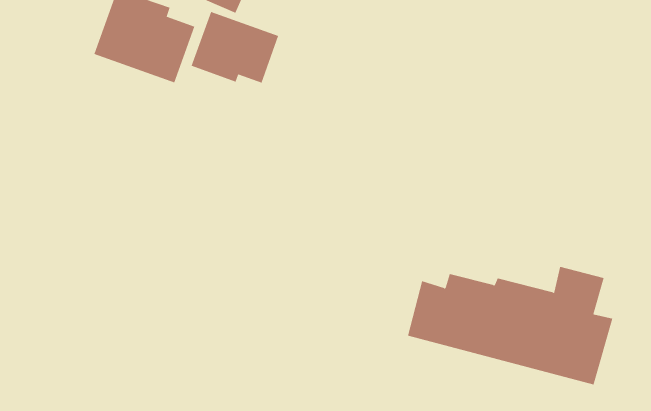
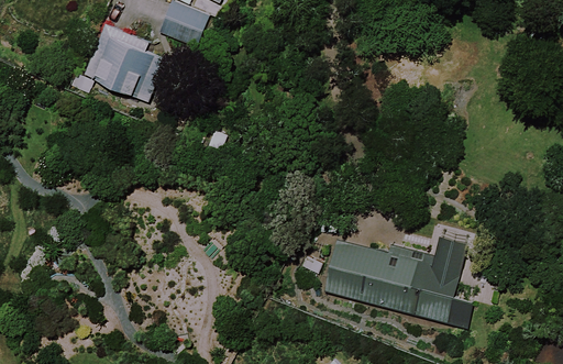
building: [191,11,279,83] -> none

